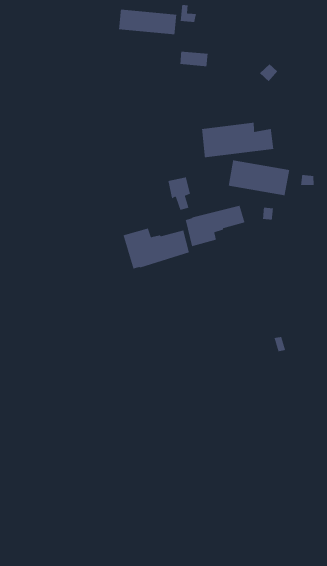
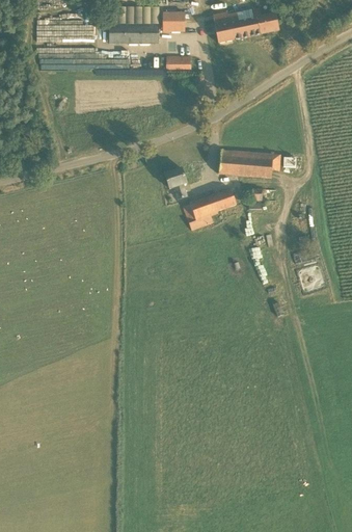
building: [201,122,274,158] -> [213,7,279,44]
building: [122,227,190,270] -> none

